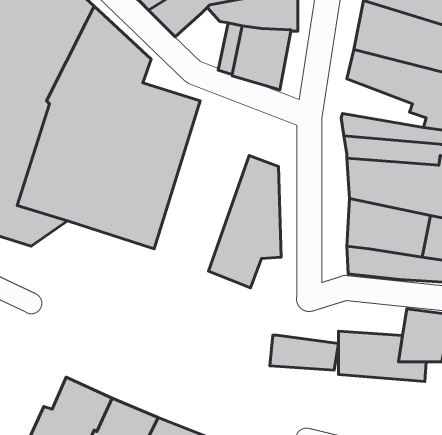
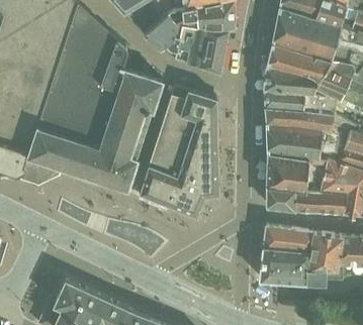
building: none -> [145,14,183,60]
building: none -> [266,66,327,101]
building: none -> [141,87,219,205]
building: [270,335,338,370] -> [263,226,312,251]

